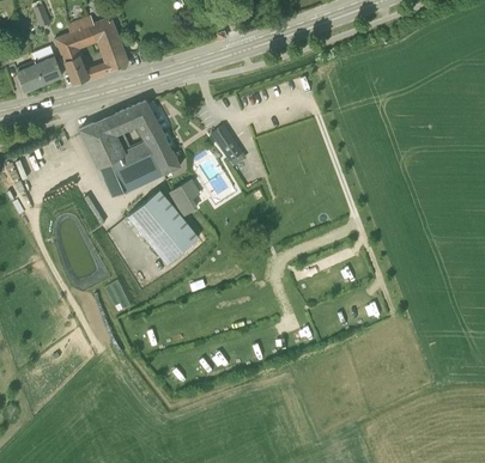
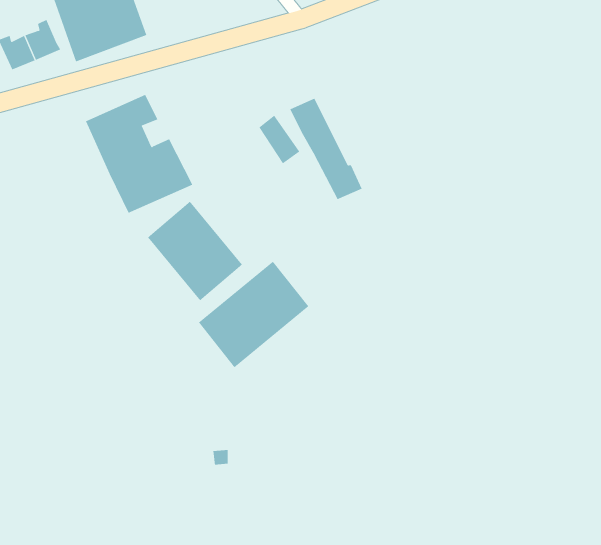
building: [126,99,181,176] -> [289,98,363,200]
building: [169,179,200,215] -> none
building: none -> [198,261,309,368]

